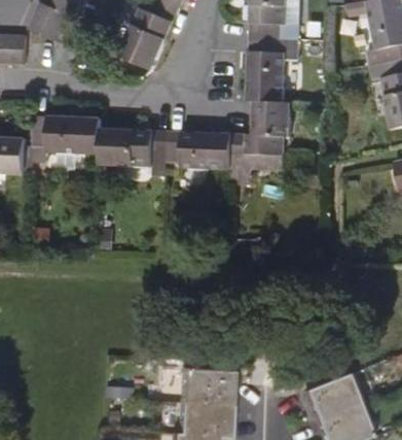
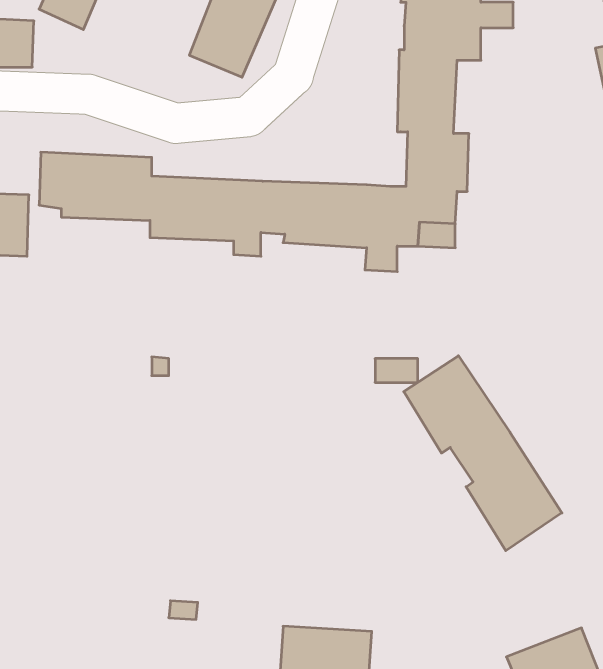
building: none -> [404,356,562,551]
building: [177,366,232,403] -> none
building: [300,371,357,418] -> none

